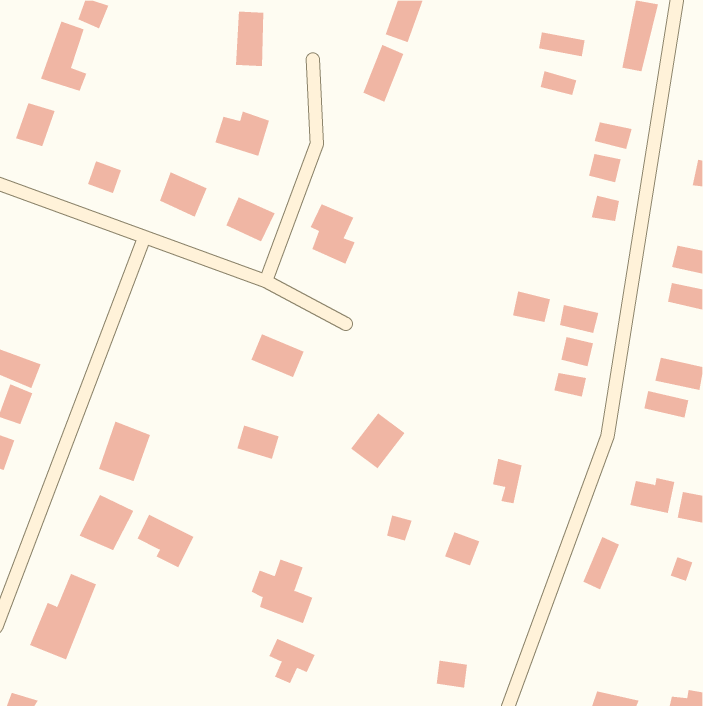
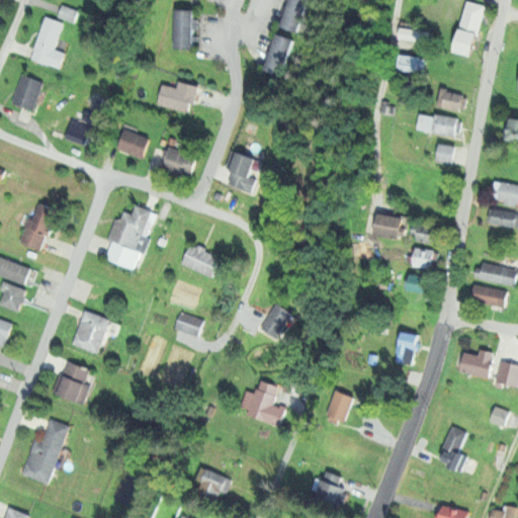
building: none -> [21,202,56,251]
building: none -> [104,203,152,267]
building: [492,458,523,504] -> [396,331,418,364]
building: [137,514,194,568] -> none
building: [583,536,620,590] -> [437,424,464,463]
building: [251,559,313,624] -> [240,380,285,428]

